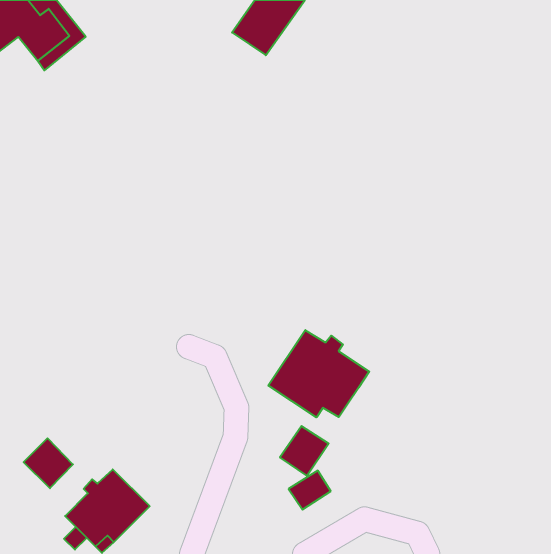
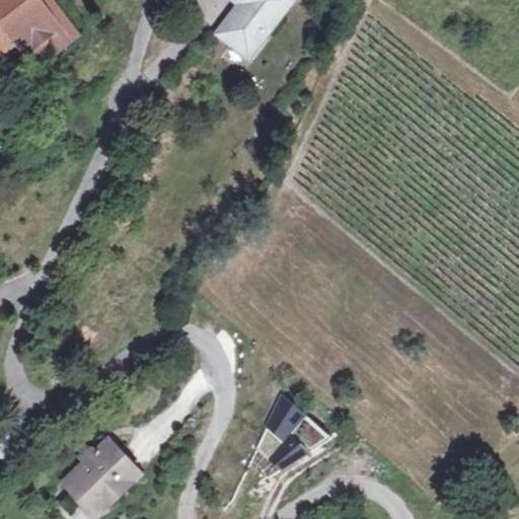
building: [268,330,369,417] -> none
building: [24,438,73,488] -> none

